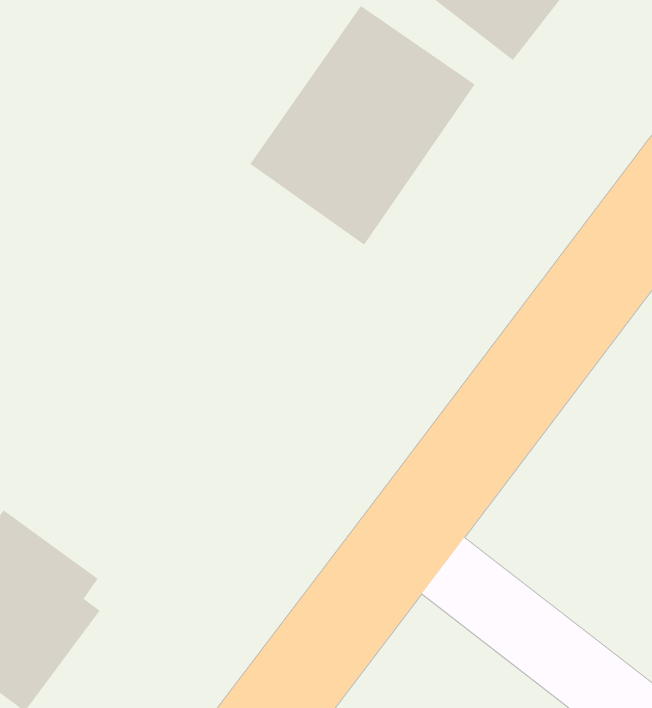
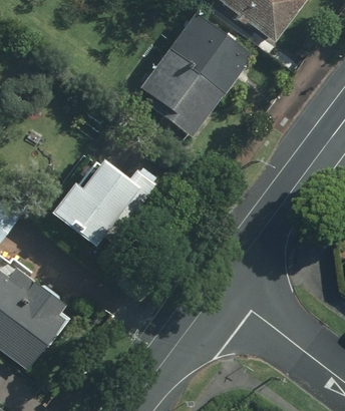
building: none -> [55,153,142,244]

